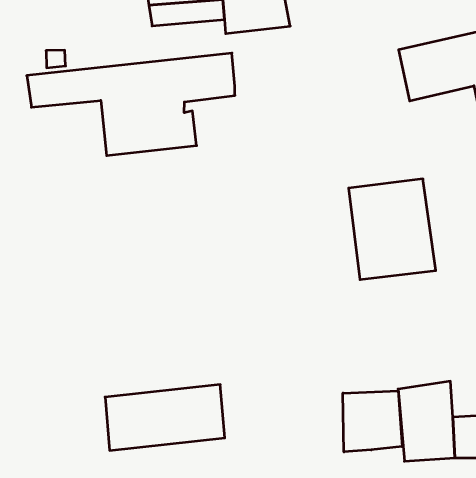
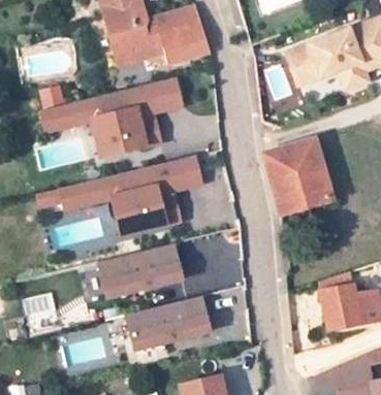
building: none -> [61,155,202,233]
building: none -> [99,243,183,297]
building: [343,391,402,452] -> none

